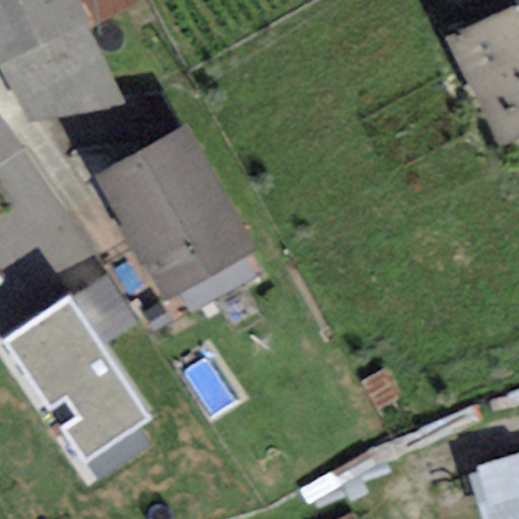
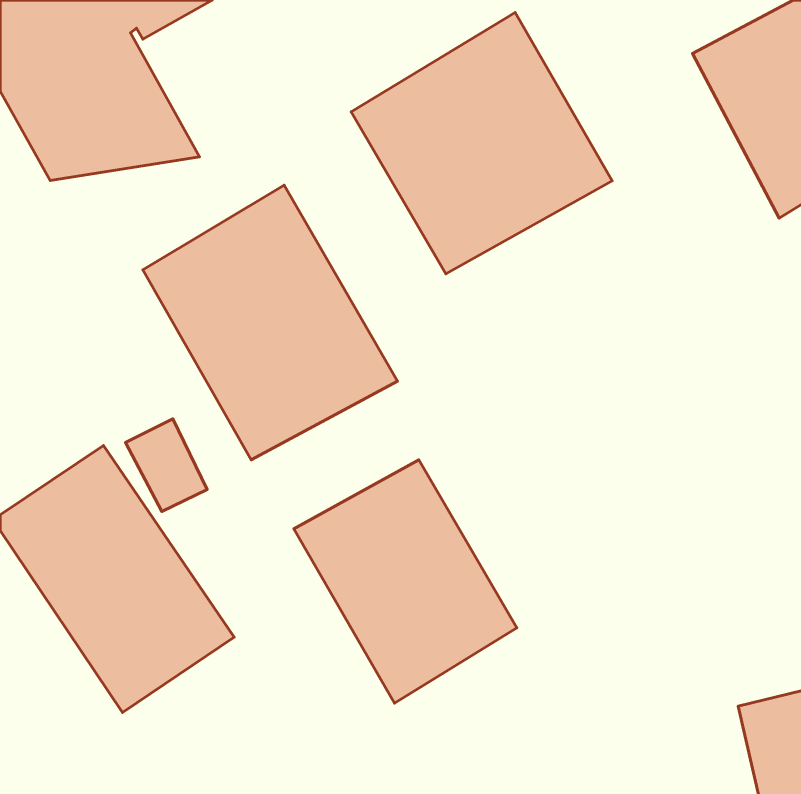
building: none -> [351,13,612,274]
building: none -> [294,460,517,703]

